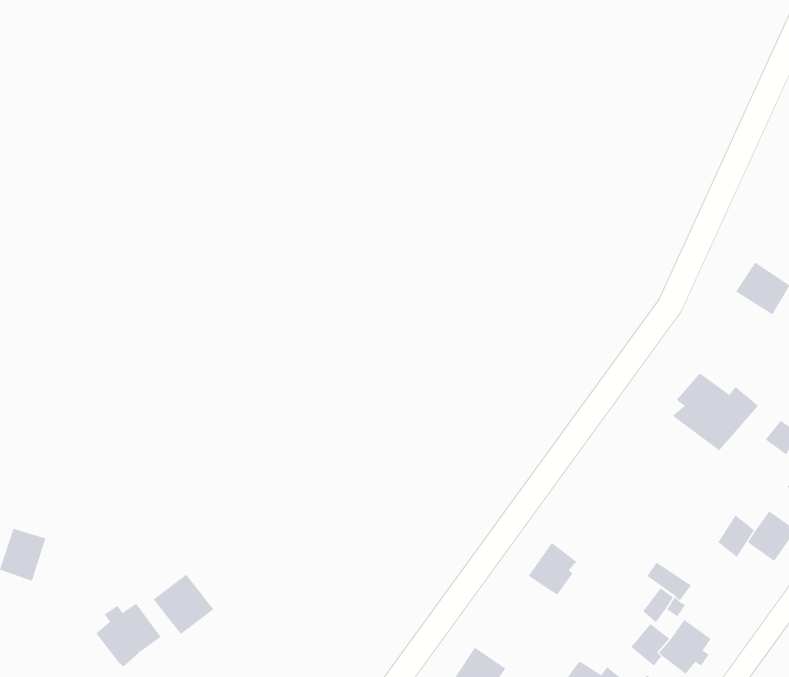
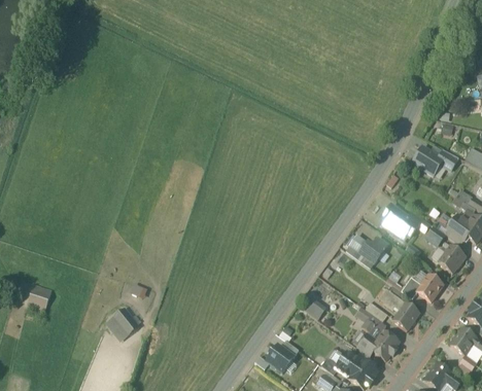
building: none -> [349,234,390,264]
building: none -> [378,288,420,330]
building: [96,603,162,668] -> none

